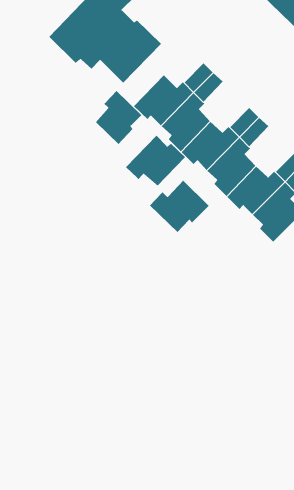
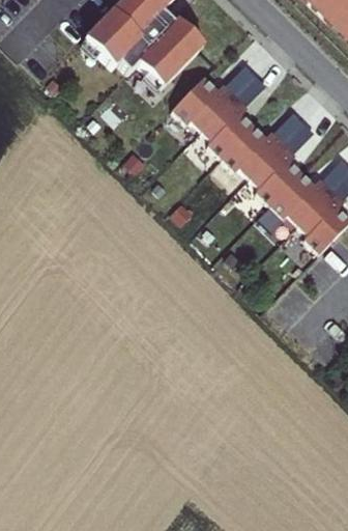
building: [95,90,142,145] -> none
building: [125,135,186,187] -> none
building: [149,180,210,233] -> none

